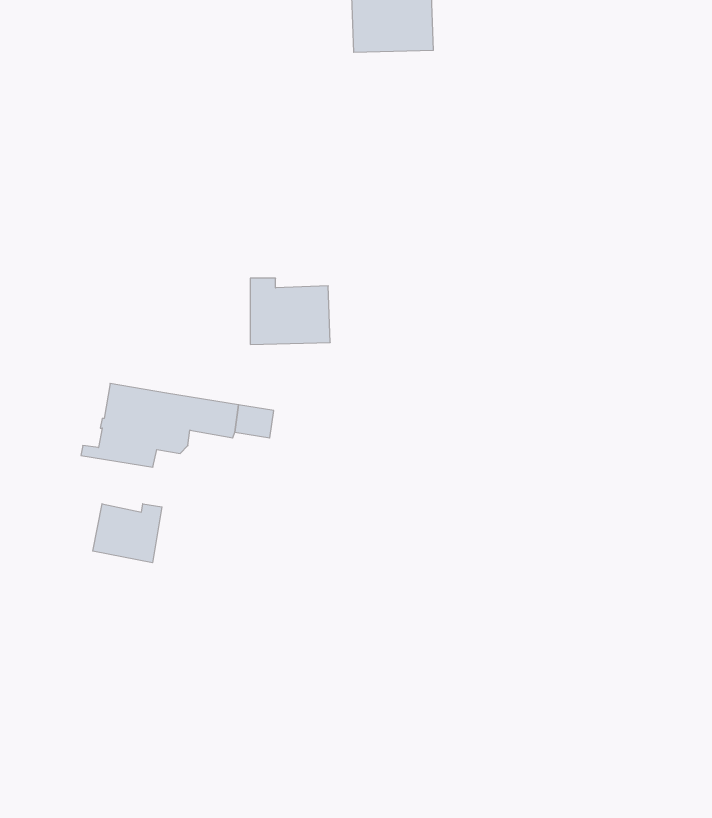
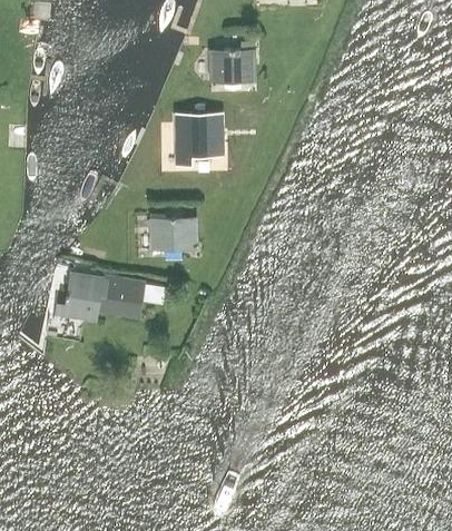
building: none -> [176,115,223,157]
building: [93,504,162,563] -> none

